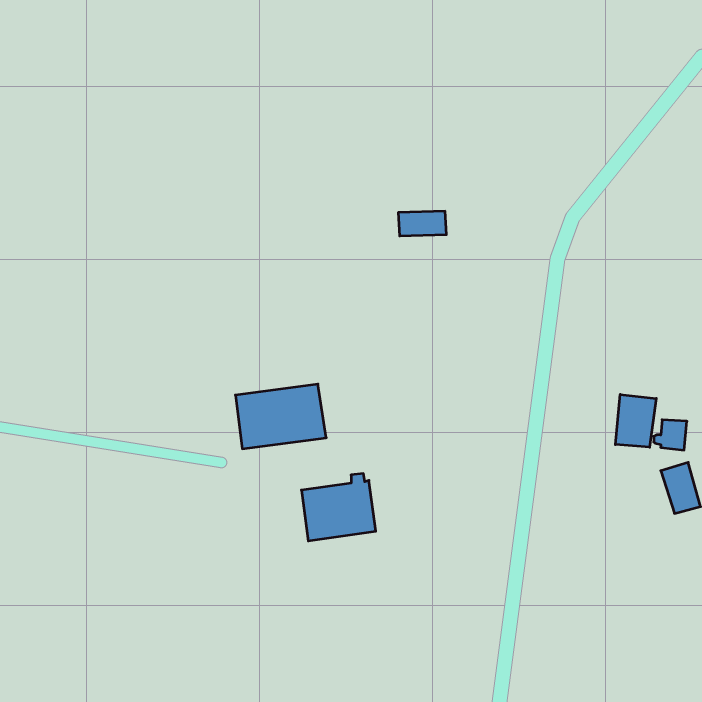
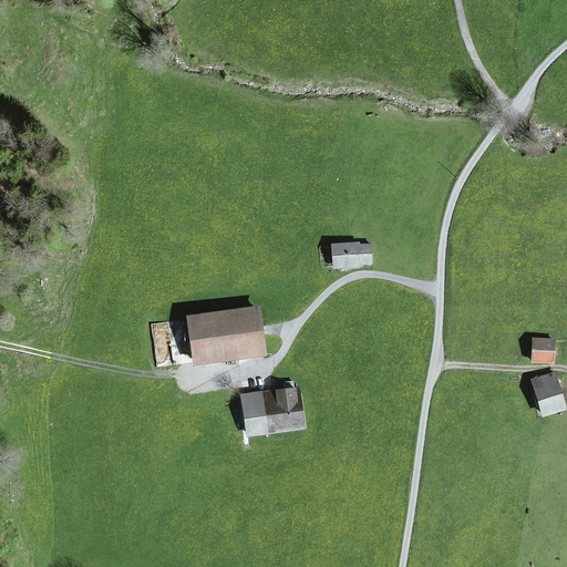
building: [398,211,446,236] -> [332,244,371,264]
building: [615,394,656,447] -> none

